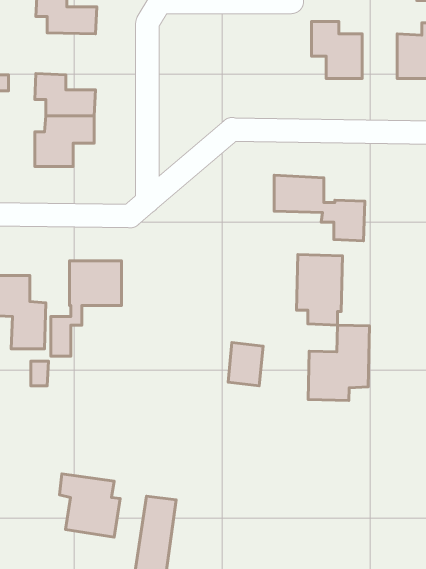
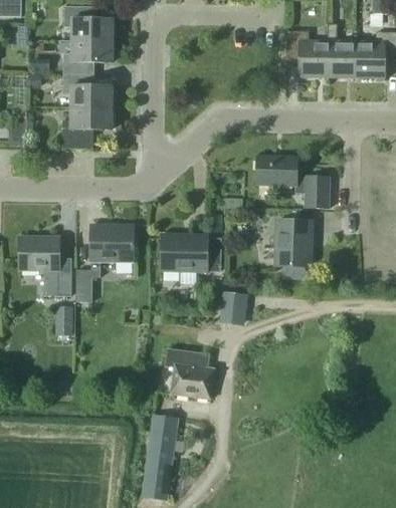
building: none -> [328,24,356,77]
building: none -> [63,40,112,74]
building: none -> [161,234,221,271]
building: [308,325,369,400] -> none
building: [59,474,120,537] -> [165,348,214,400]

